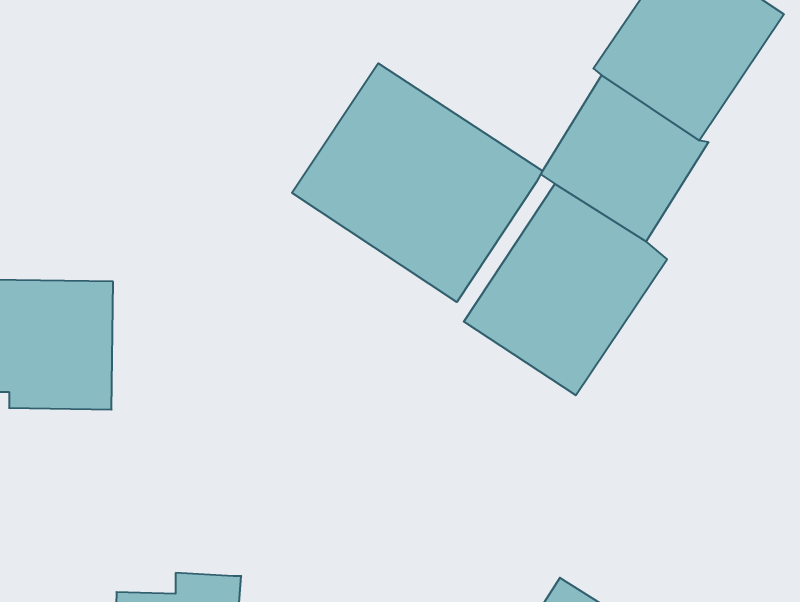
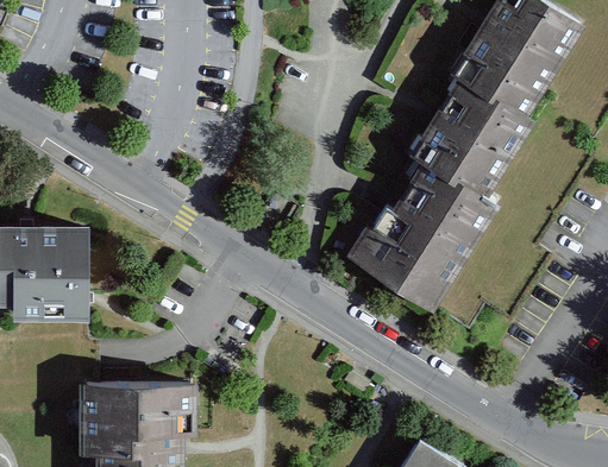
building: [292,63,542,302] -> none
building: none -> [71,383,195,461]

